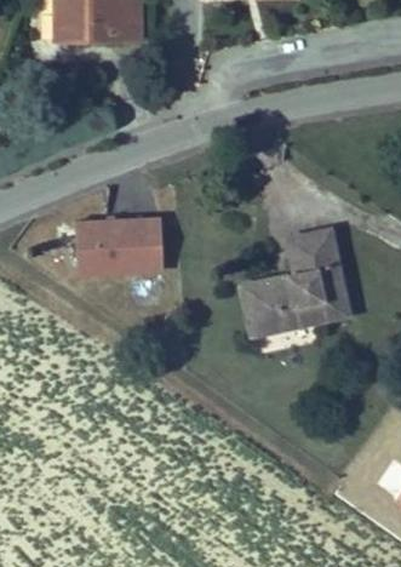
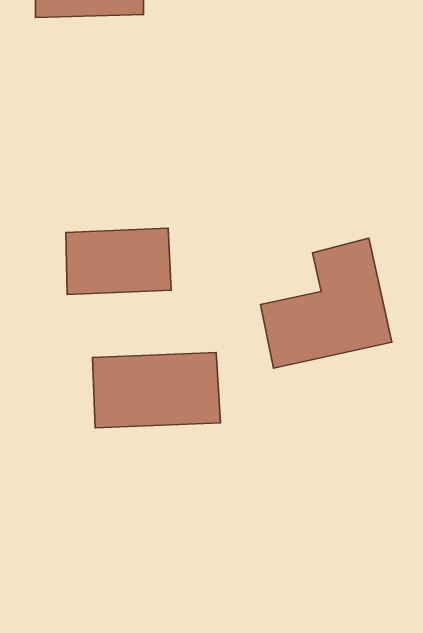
building: none -> [93,352,220,428]

